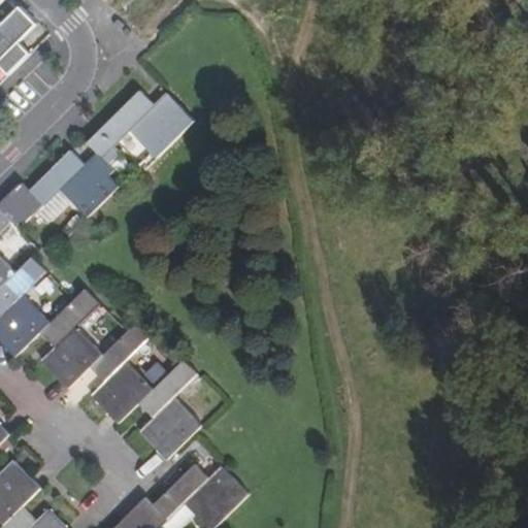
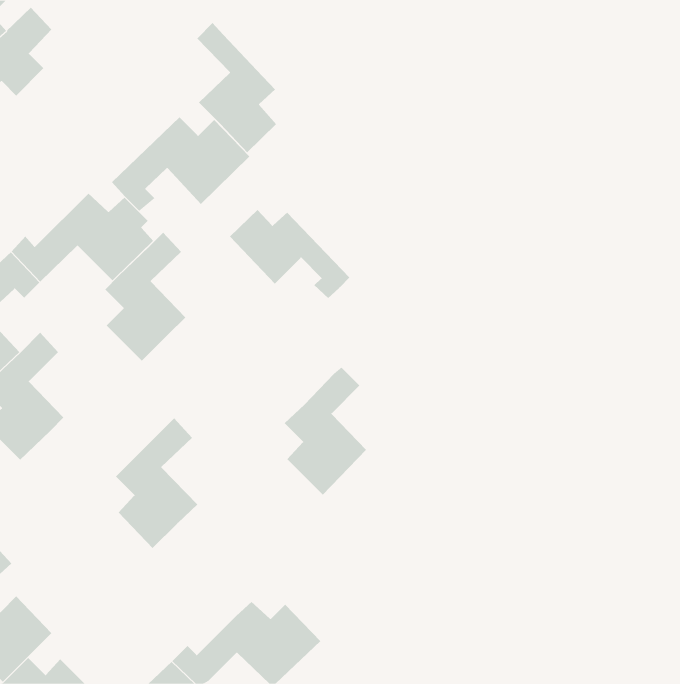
building: none -> [196,22,277,153]
building: none -> [229,209,350,299]
building: [39,288,102,388] -> [104,232,186,362]
building: [137,360,201,459] -> [284,367,367,495]

